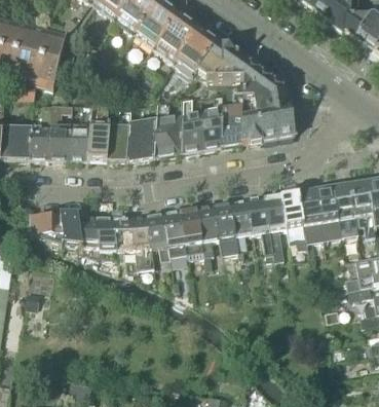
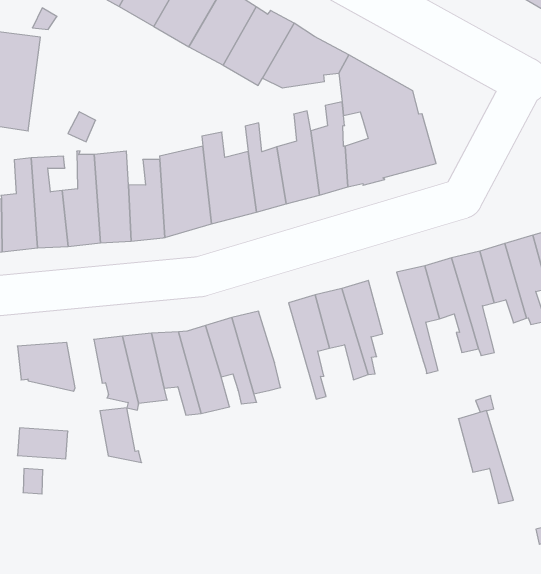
building: [247,195,274,252] -> [458,411,513,503]
building: [179,207,205,257] -> none
building: [62,216,83,250] -> [100,408,142,463]

